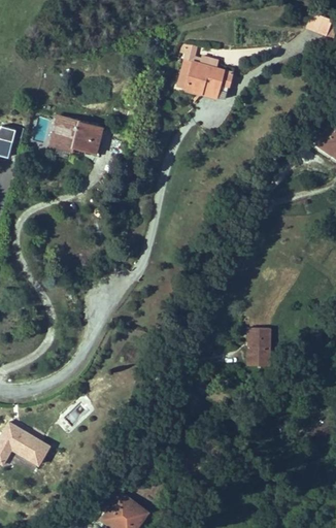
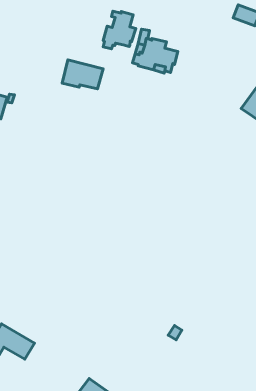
building: none -> [103,11,136,49]
building: [49,118,102,155] -> [62,60,103,89]
building: [246,329,271,366] -> none

